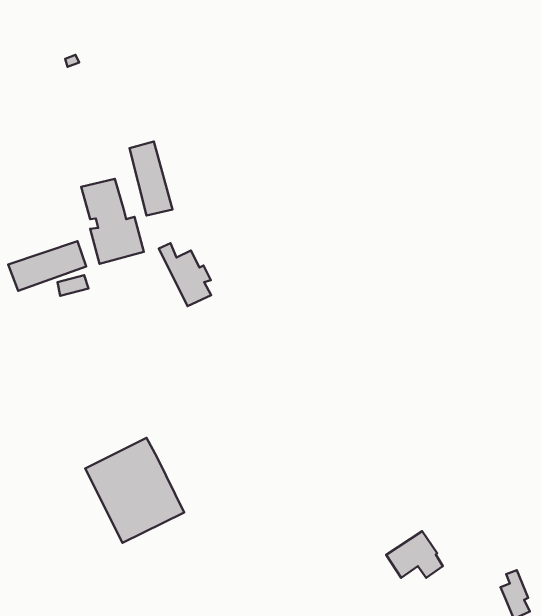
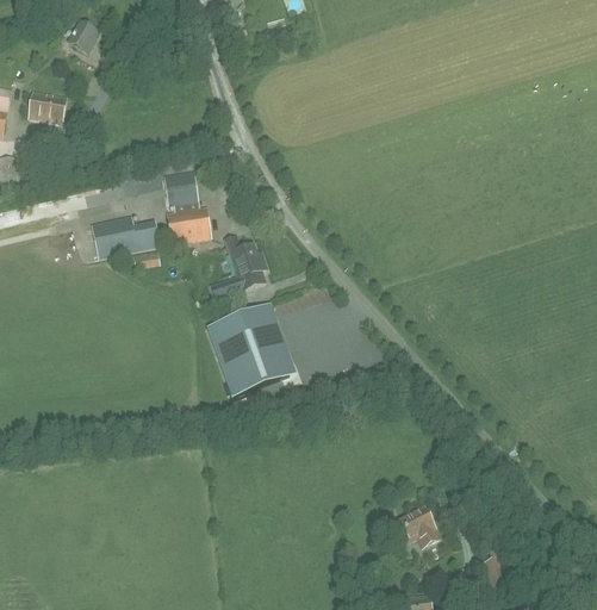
building: [130,142,172,216] -> none
building: [85,438,184,543] -> [209,305,290,393]

